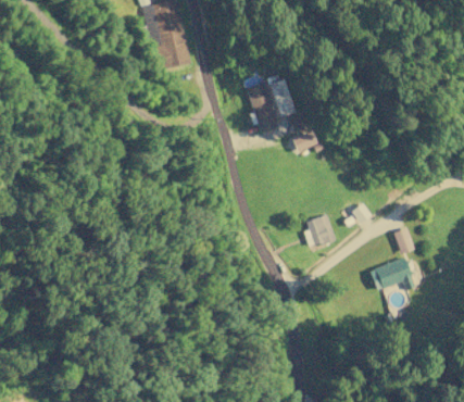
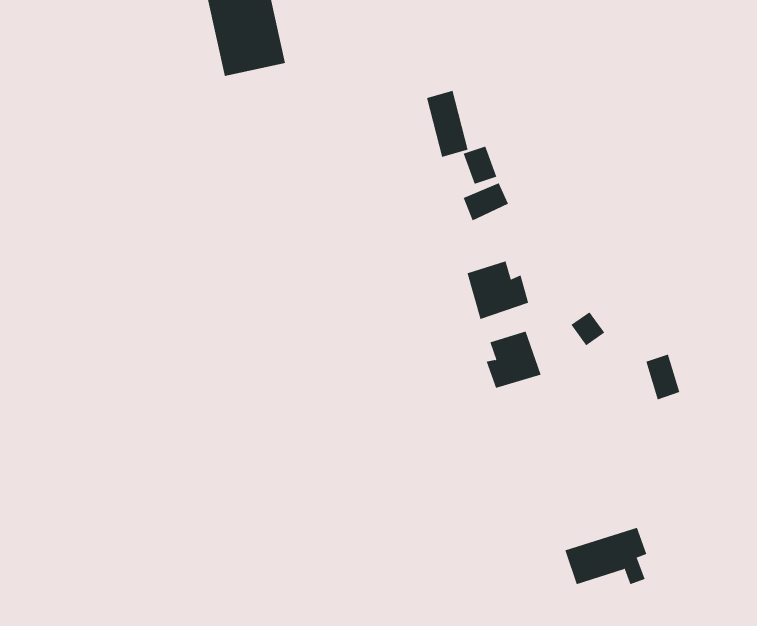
building: [247,84,278,131] -> none
building: none -> [467,260,529,320]
building: [369,256,416,289] -> [565,527,647,585]

